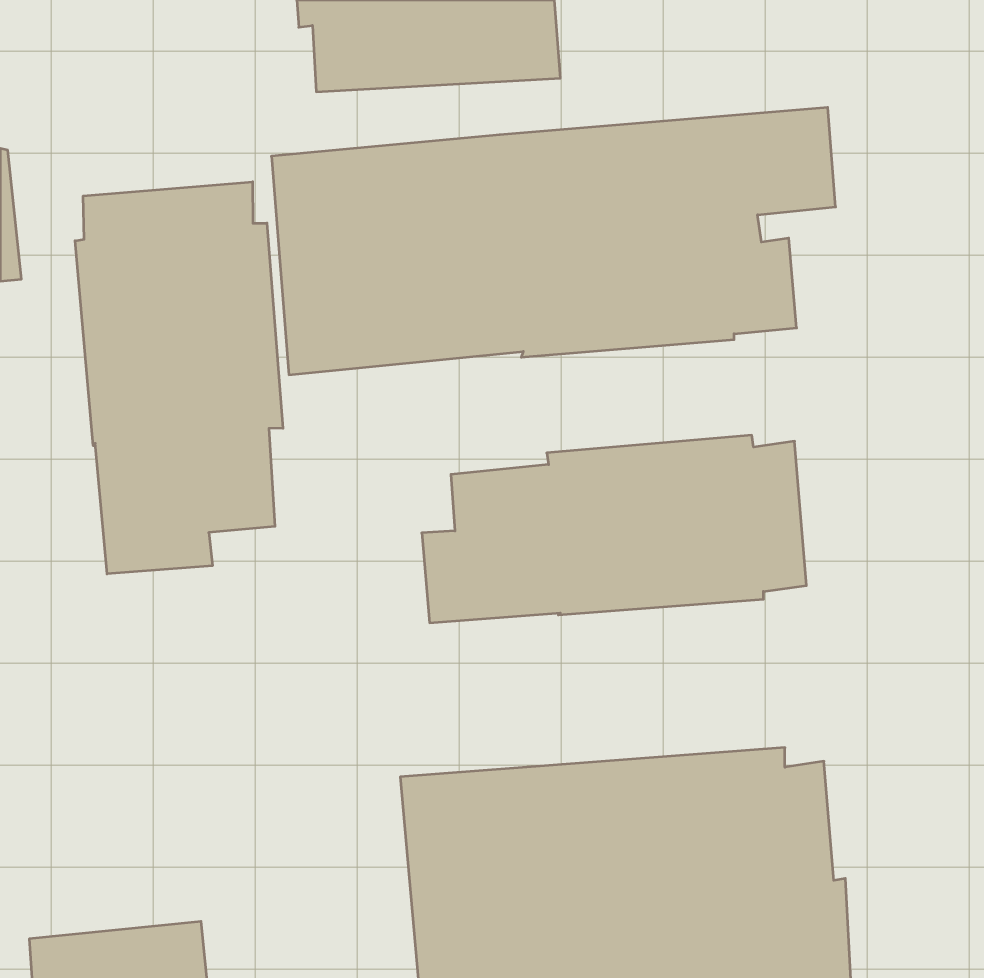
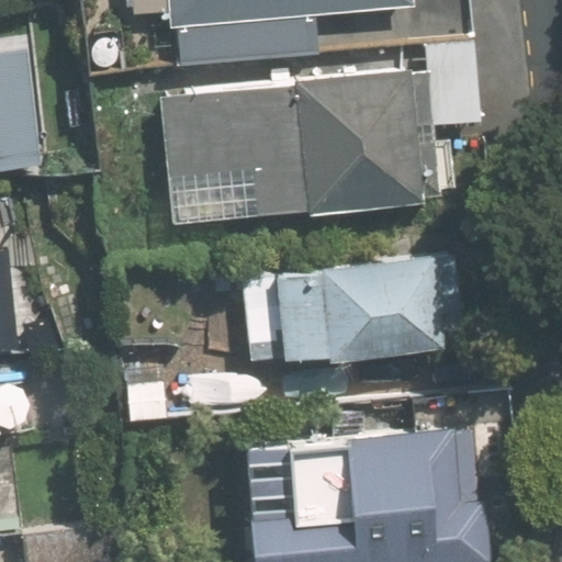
building: [75,182,283,574] -> none

